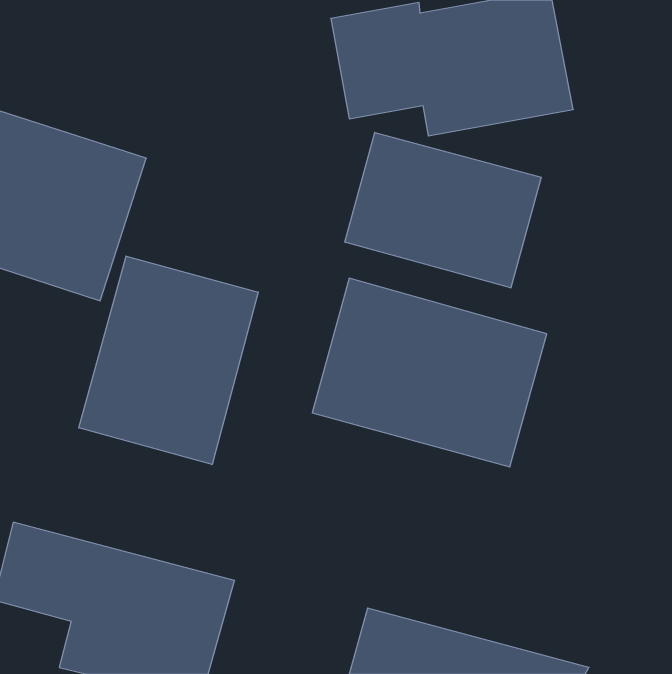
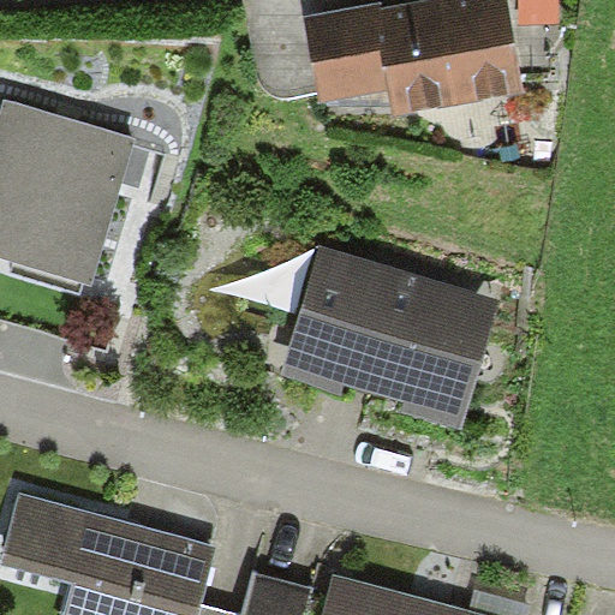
building: [345,132,541,288] -> none
building: [79,256,258,465] -> none

